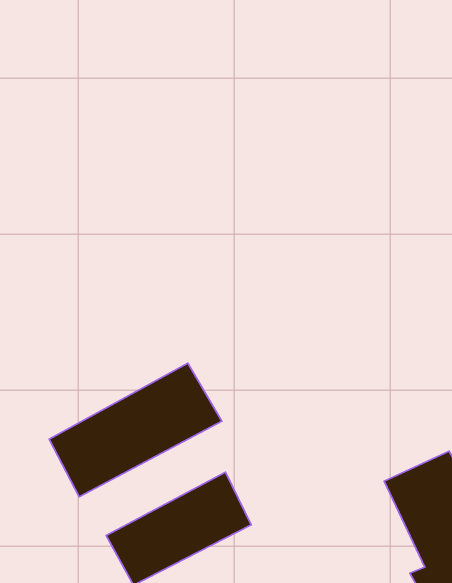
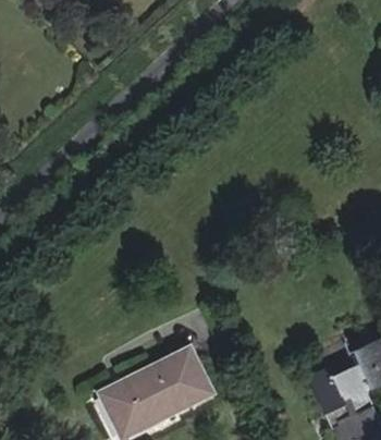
building: [49,363,222,497] -> none

